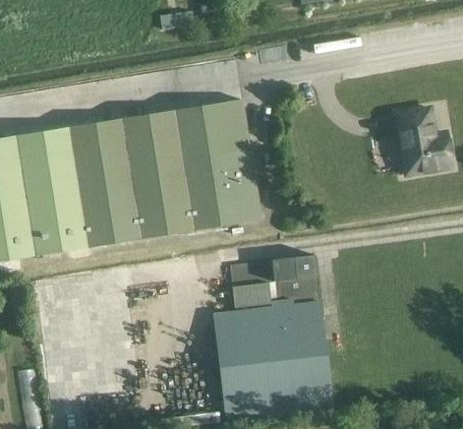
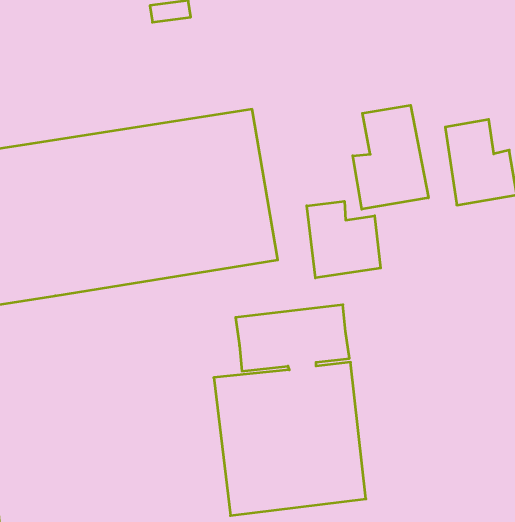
building: none -> [353,105,428,209]
building: none -> [307,201,381,278]

